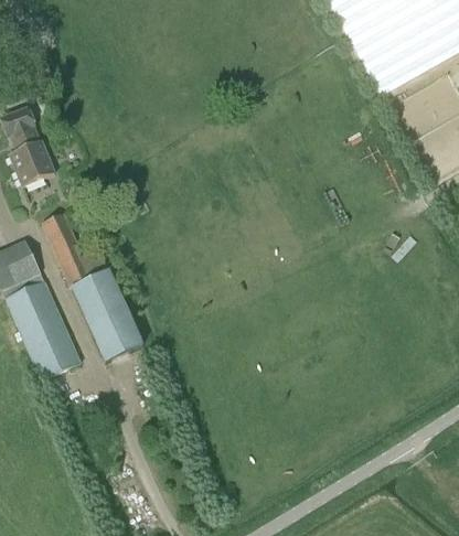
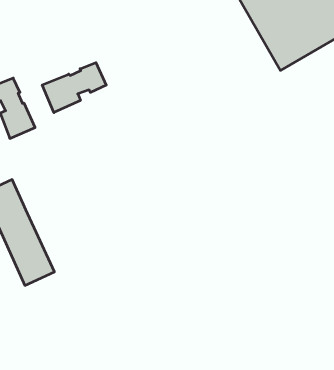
building: none -> [42,63,106,113]
building: [41,211,142,361] -> none

